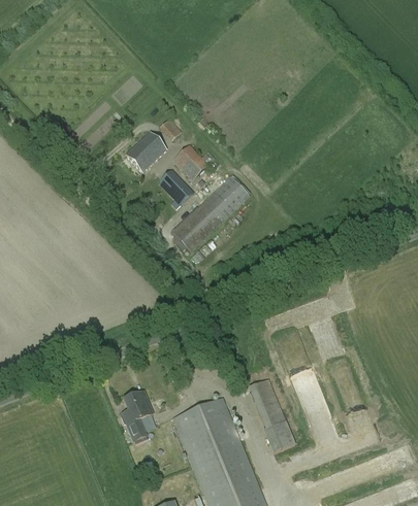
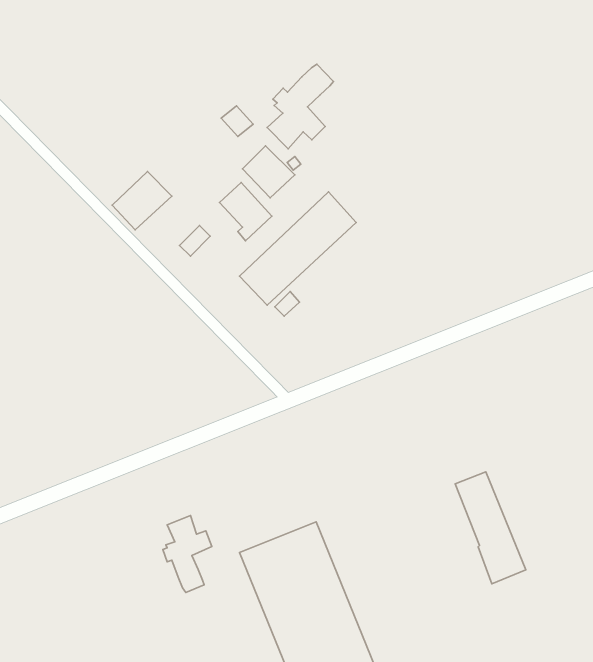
building: none -> [267,64,334,149]
building: [126,133,166,172] -> [112,171,172,230]
building: [248,378,295,453] -> [455,472,526,584]

